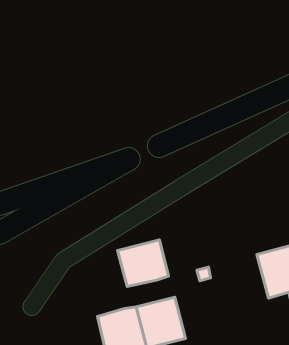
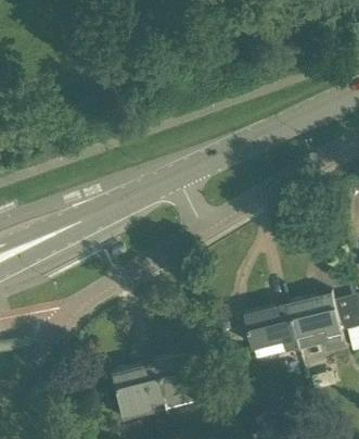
building: [117,240,168,287] -> none
building: none -> [245,303,302,355]

